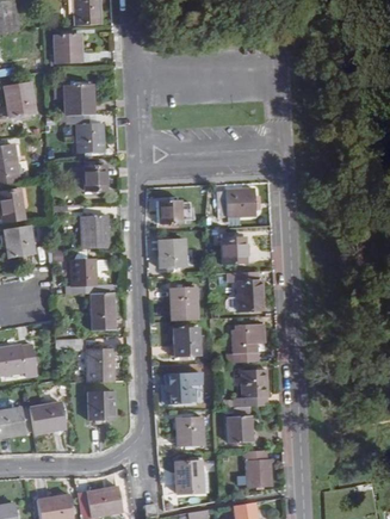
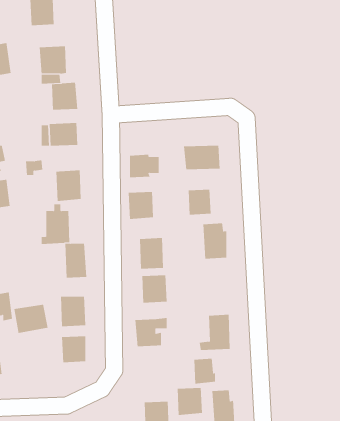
building: [225,323,265,363] -> none
building: [29,402,66,433] -> [13,304,48,334]
building: [175,416,203,446] -> [177,387,203,416]

